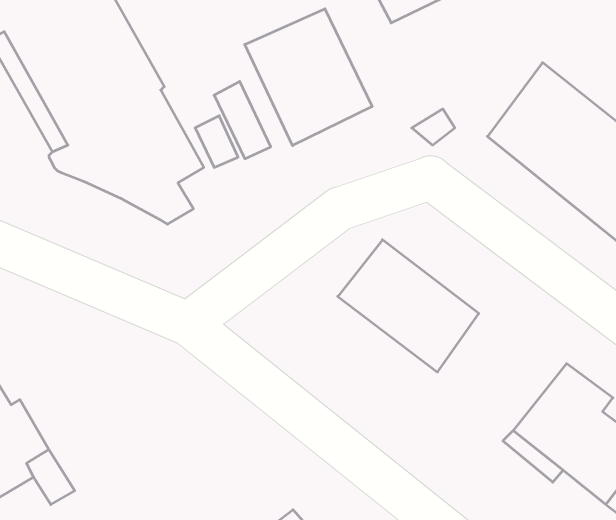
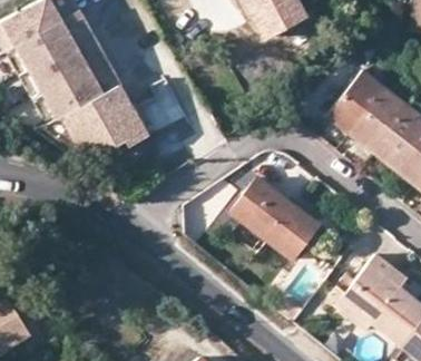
building: [245,9,372,146] -> none

